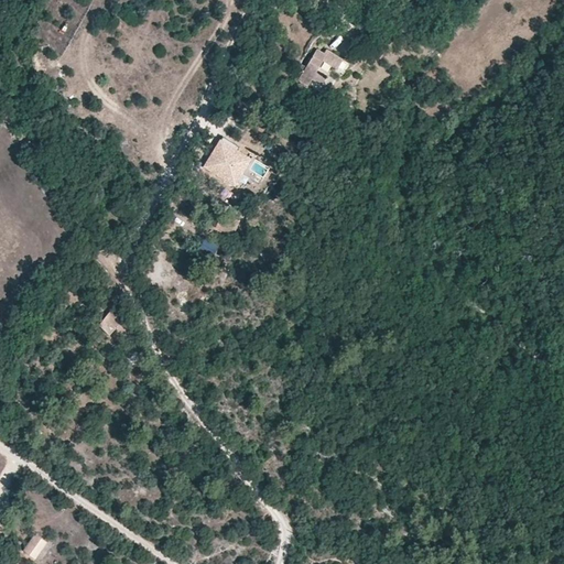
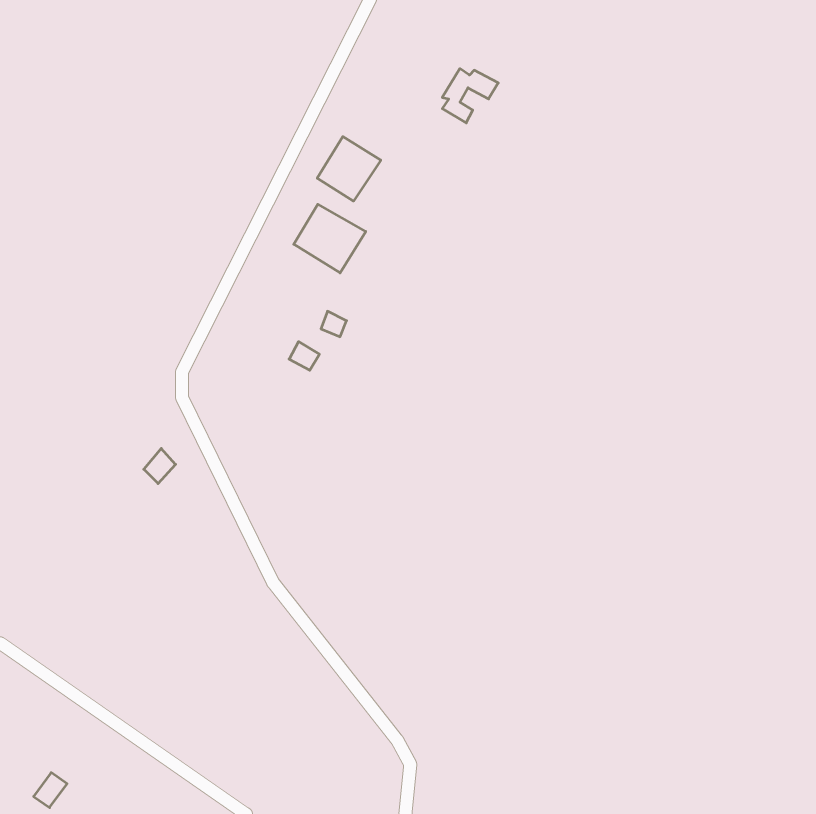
building: none -> [317,137,381,201]

